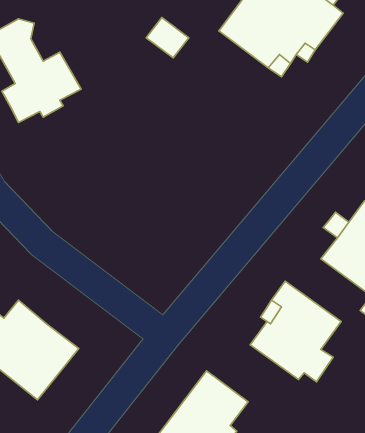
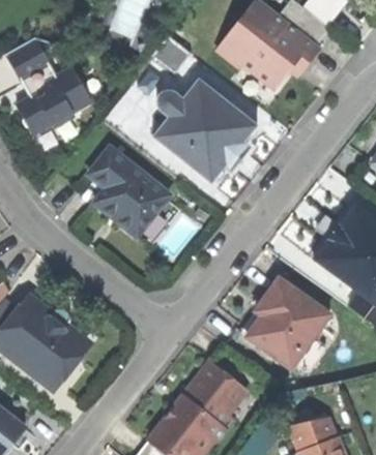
building: none -> [153,81,256,183]
building: none -> [89,149,169,237]

